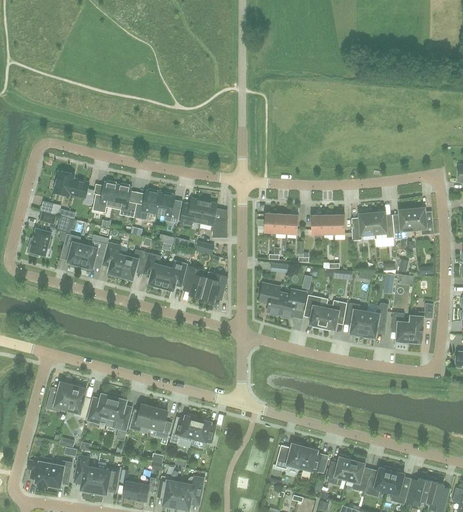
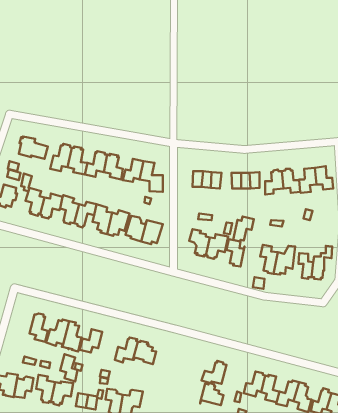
building: [321,300,346,330] -> [233,217,254,241]
building: [45,381,72,412] -> none
building: [149,407,170,440] -> [60,354,78,381]
building: [298,446,326,473] -> [200,383,223,405]

